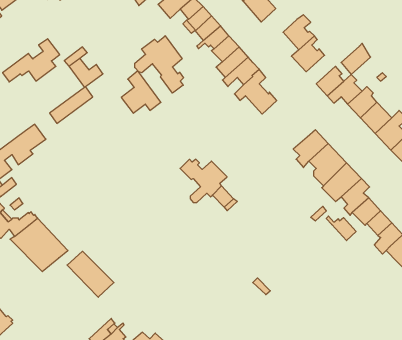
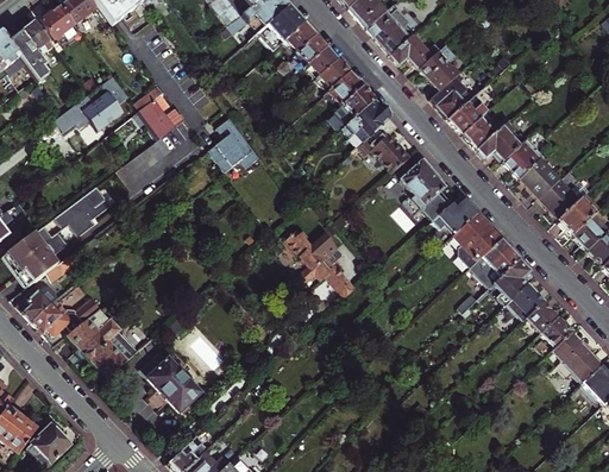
building: none -> [390,34,437,68]
building: [135,36,184,93] -> none
building: [341,43,371,75] -> [448,94,486,134]
building: none -> [400,159,450,219]
building: [326,216,356,241] -> none

